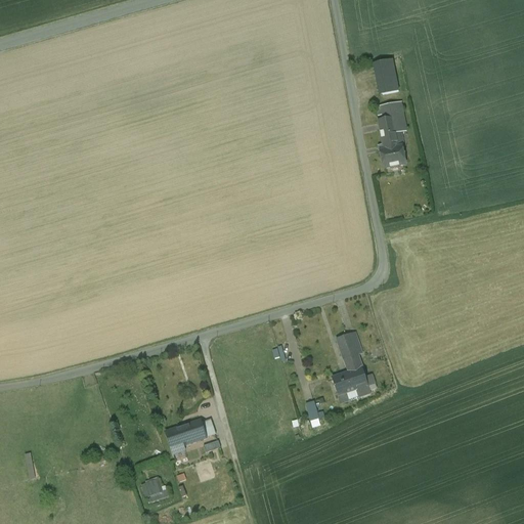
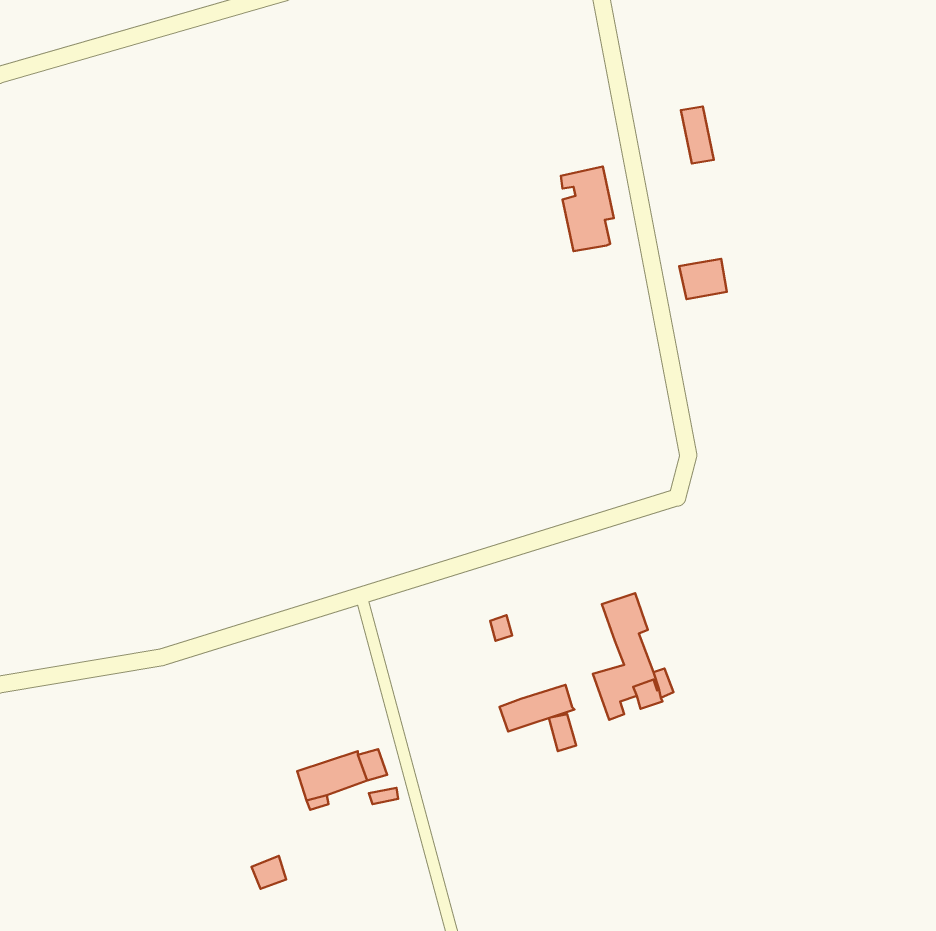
building: [377,100,406,147] -> [561,167,614,251]
building: none -> [499,685,574,731]

